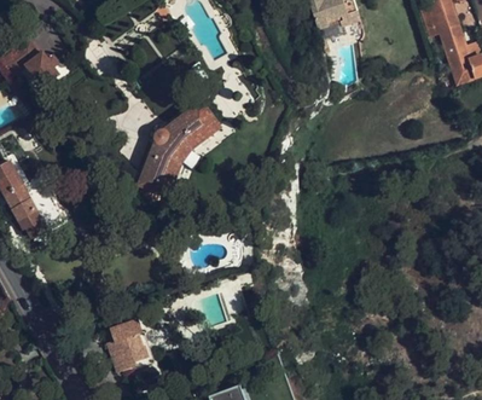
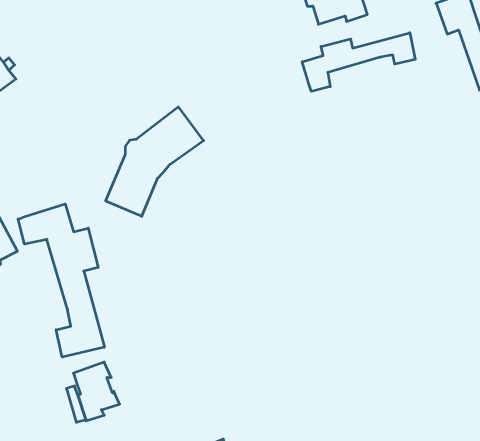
building: none -> [302,33,415,91]
building: none -> [18,204,104,357]

